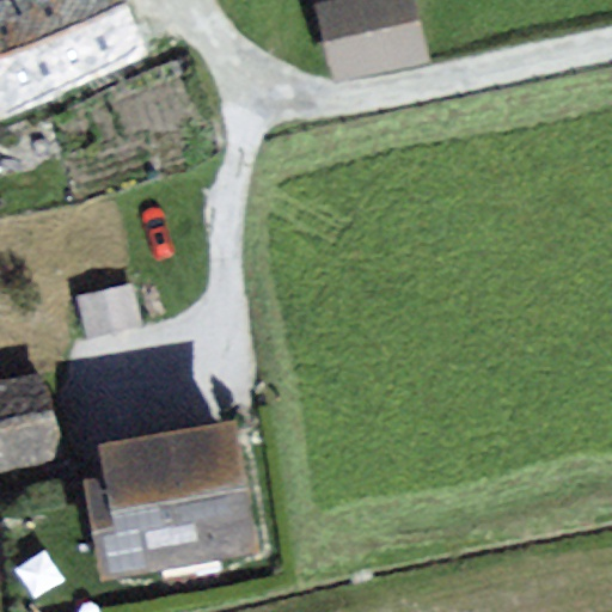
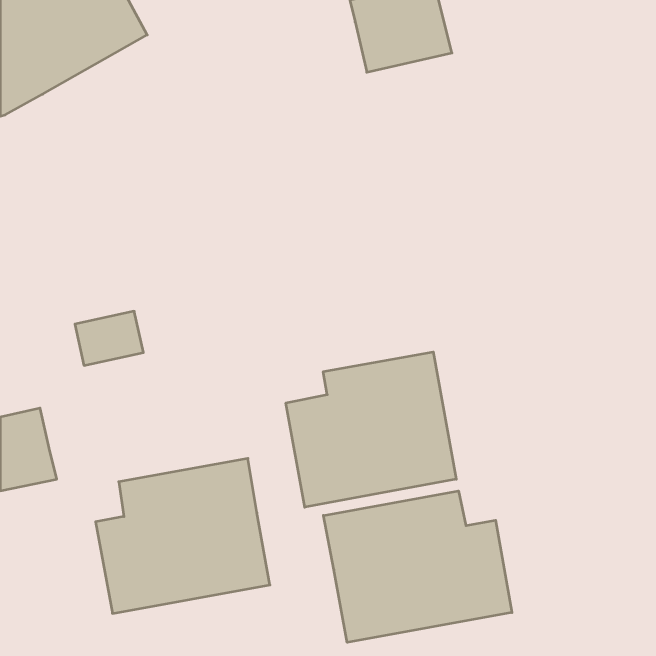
building: none -> [286,352,456,507]
building: none -> [323,491,512,642]

